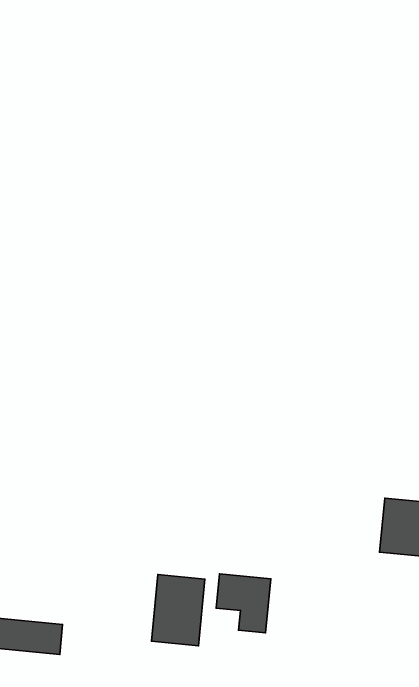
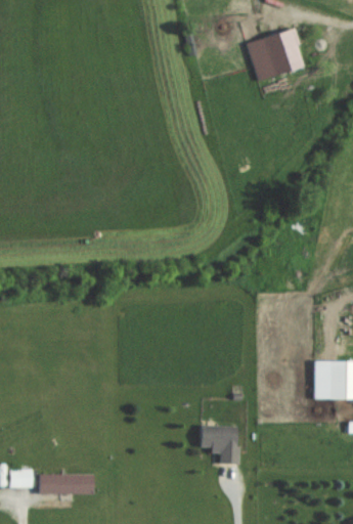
building: none -> [248,30,303,81]
building: [151,575,205,646] -> none

